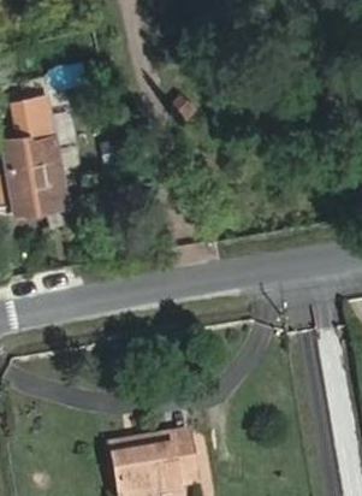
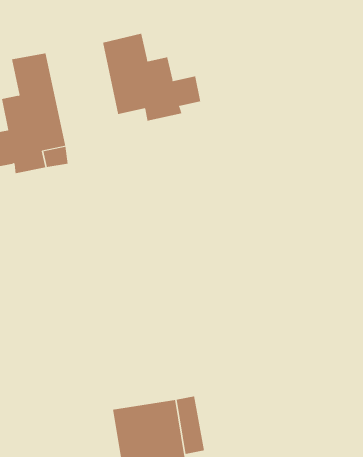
building: none -> [102,33,201,122]

